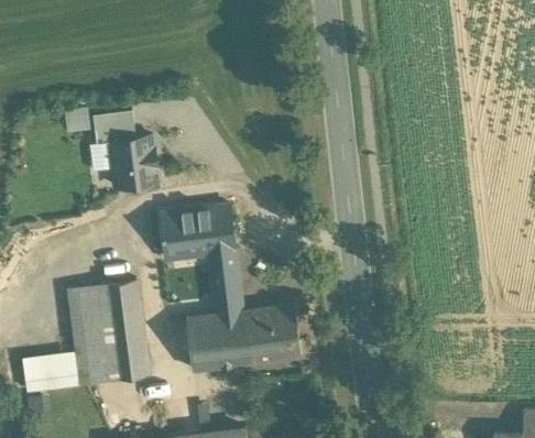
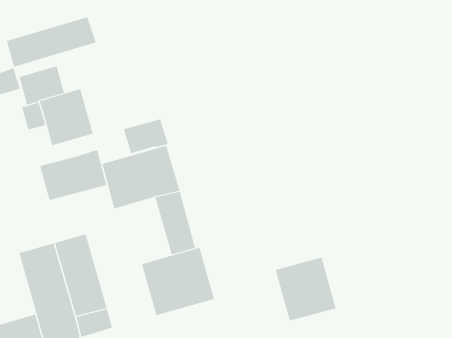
building: none -> [6,17,97,67]
building: none -> [123,118,168,154]
building: none -> [39,149,107,201]
building: [247,305,302,363] -> [275,257,337,321]

